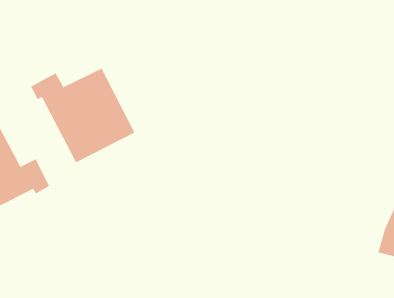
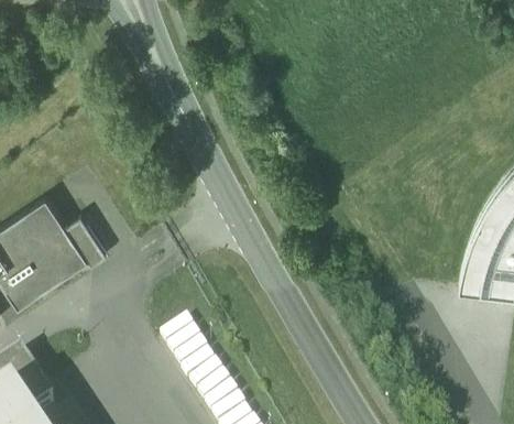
building: [31,68,135,163] -> none

